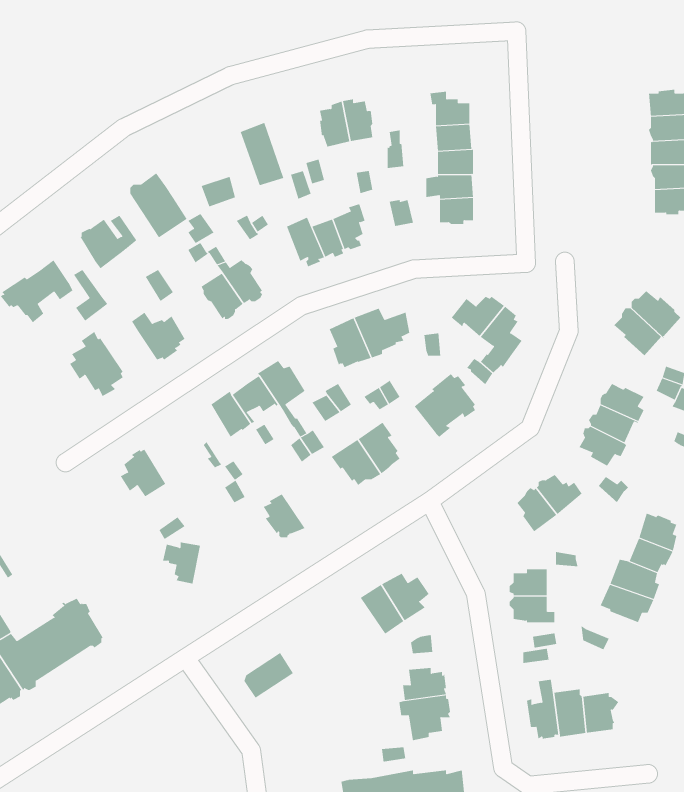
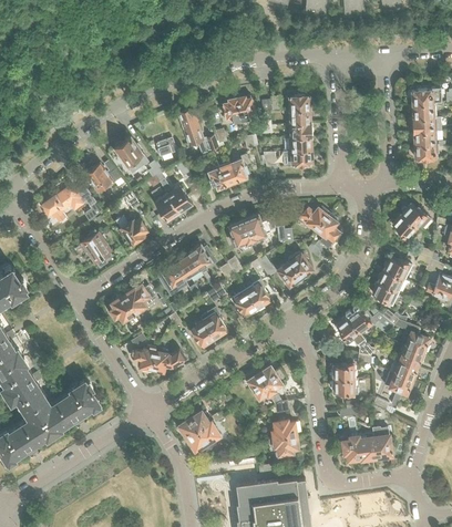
building: none -> [123,285,156,316]
building: none -> [199,308,226,341]
building: none -> [151,349,184,375]
building: none -> [186,422,219,452]

